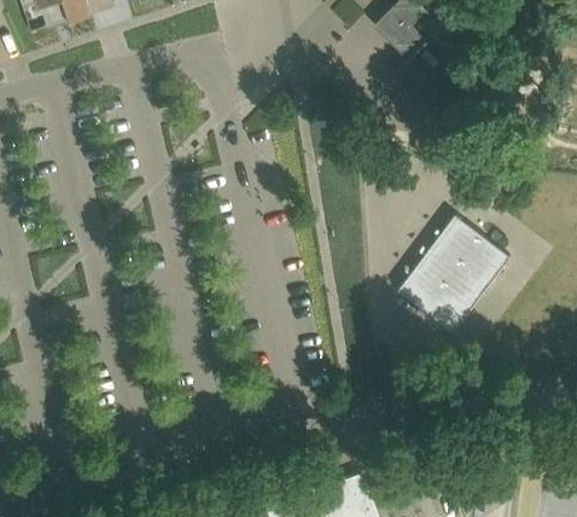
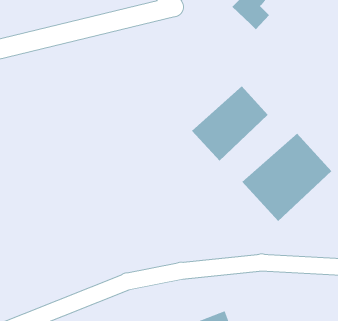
building: none -> [191,86,269,161]

